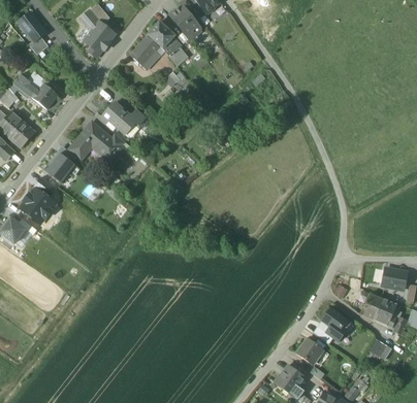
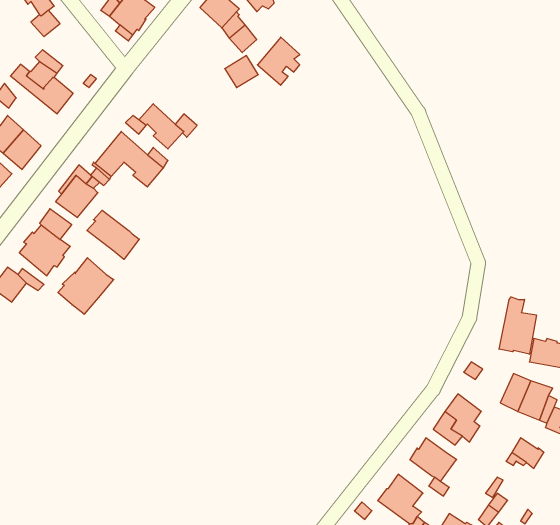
building: [130,35,160,69] -> [257,37,300,85]
building: none -> [87,210,139,259]
building: none -> [58,258,114,314]
building: none -> [499,297,536,354]

